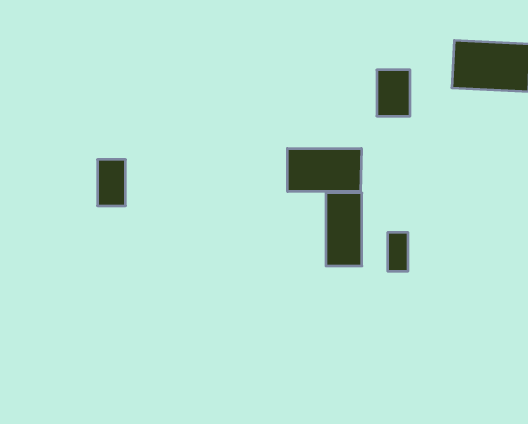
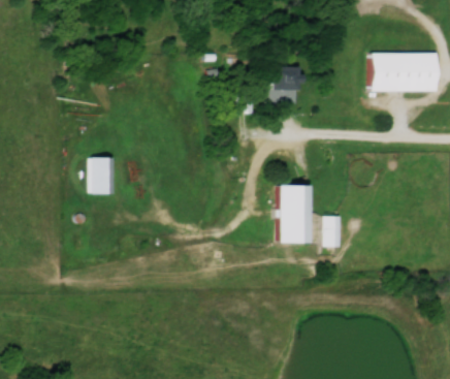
building: [377,70,410,116] -> [272,60,299,97]
building: [287,148,361,192] -> none

